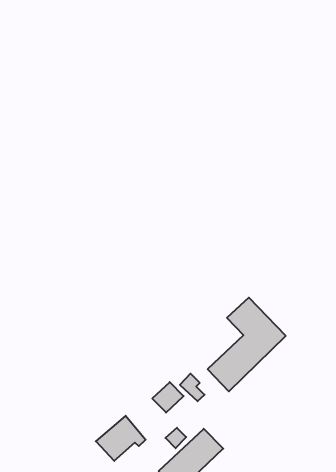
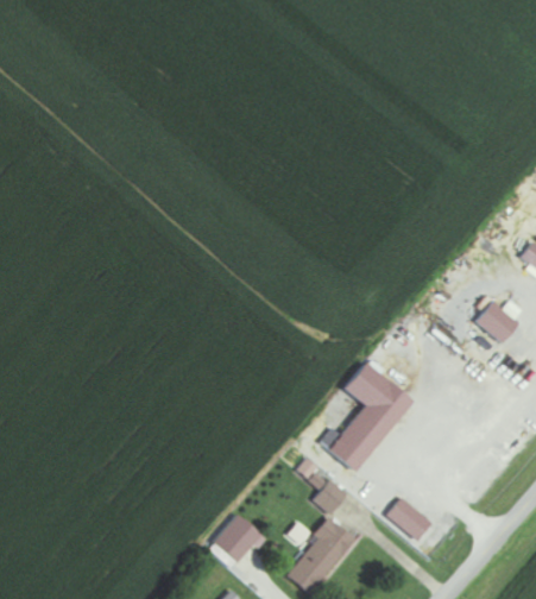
building: [152,382,184,413] -> [313,478,348,513]
building: none -> [386,497,431,538]

